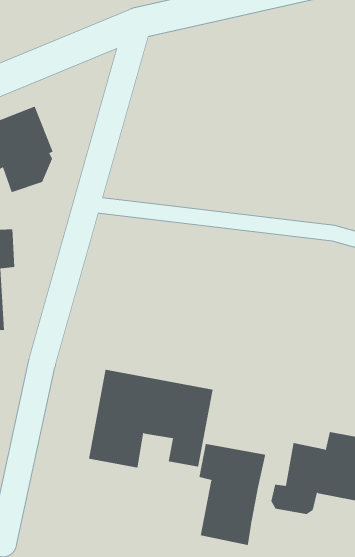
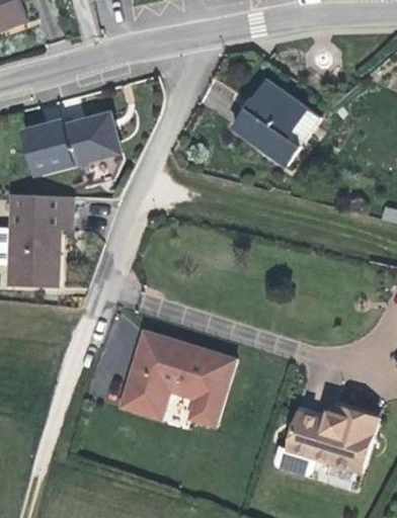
building: none -> [237,78,316,155]
building: [199,443,266,546] -> none

